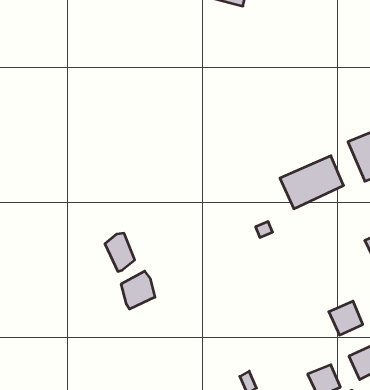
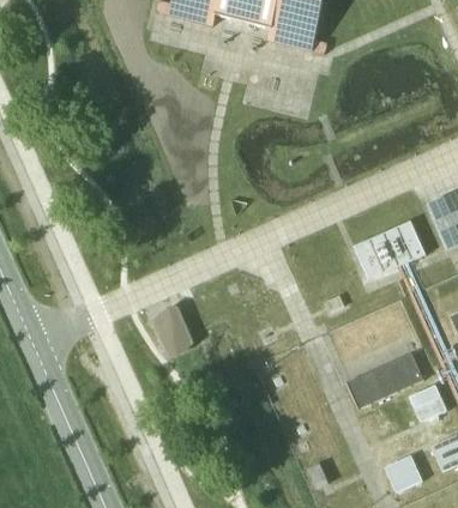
building: [121,271,155,309] -> none
building: none -> [346,352,424,407]

